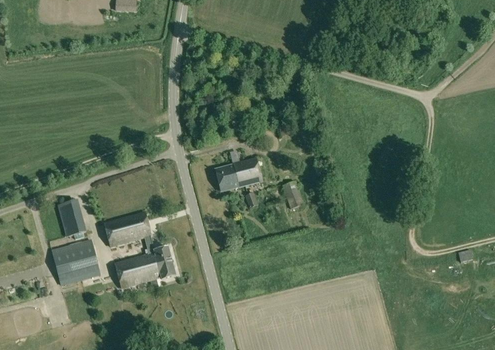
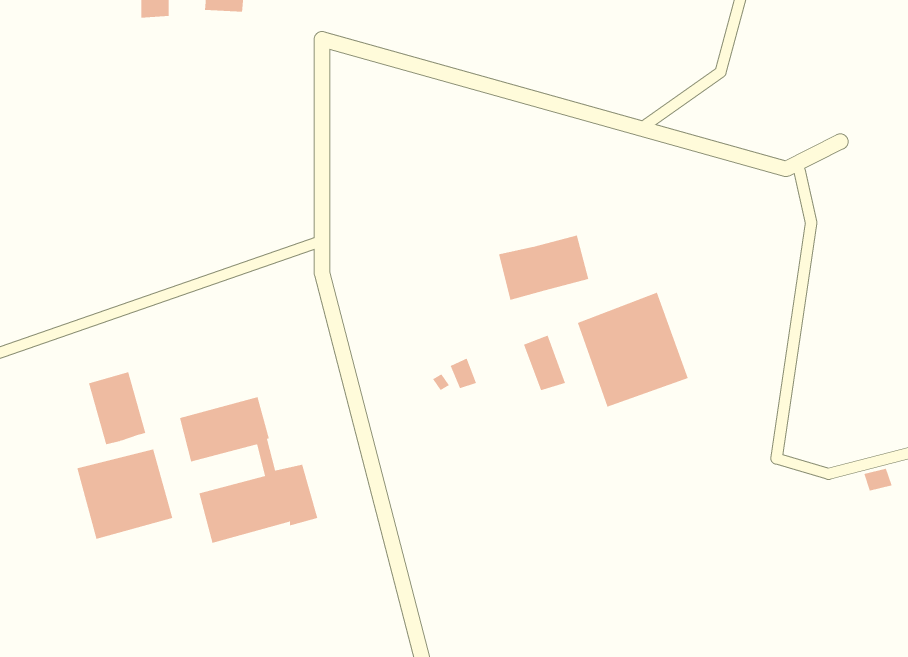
building: none -> [577,292,689,407]
building: [215,158,262,192] -> [498,235,589,301]

